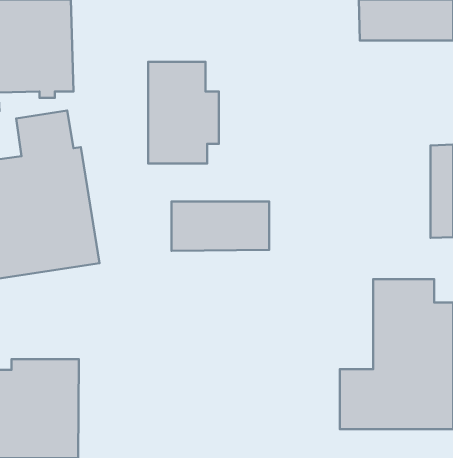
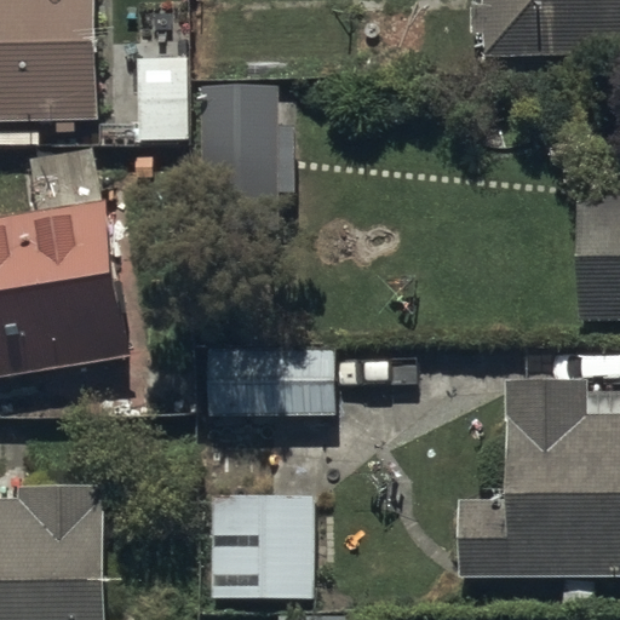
building: [171,201,269,251] -> [203,349,335,415]
building: none -> [207,492,316,604]

